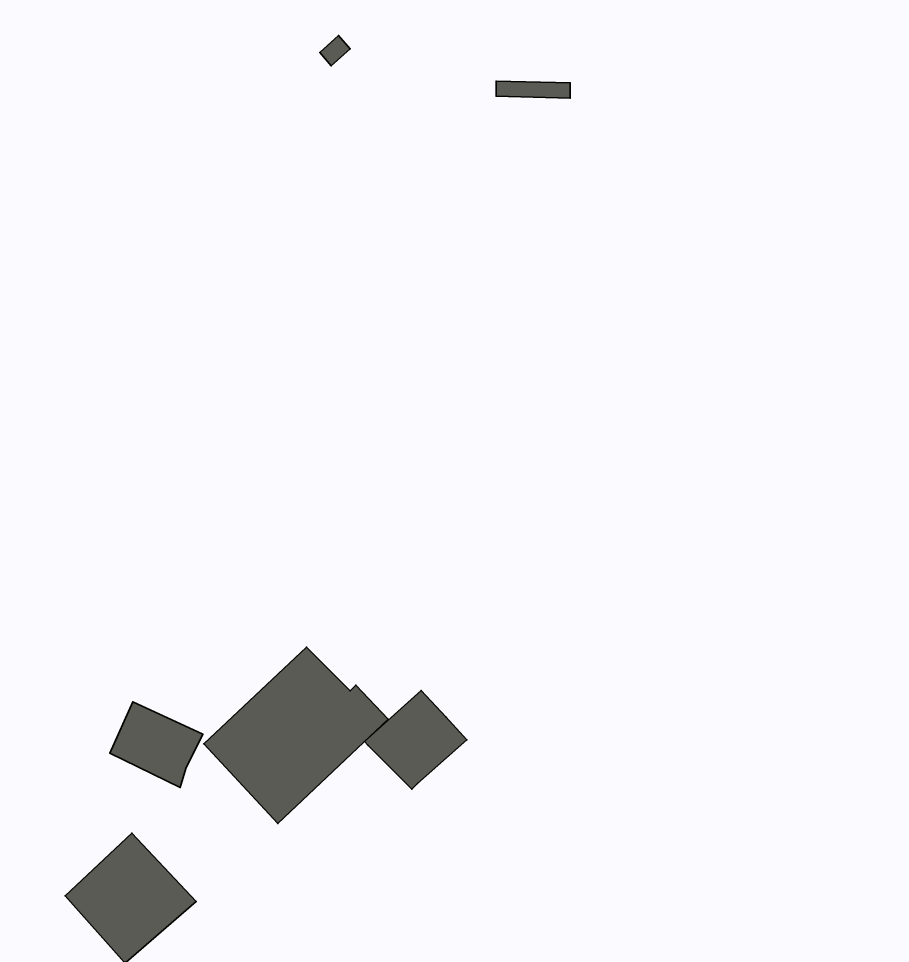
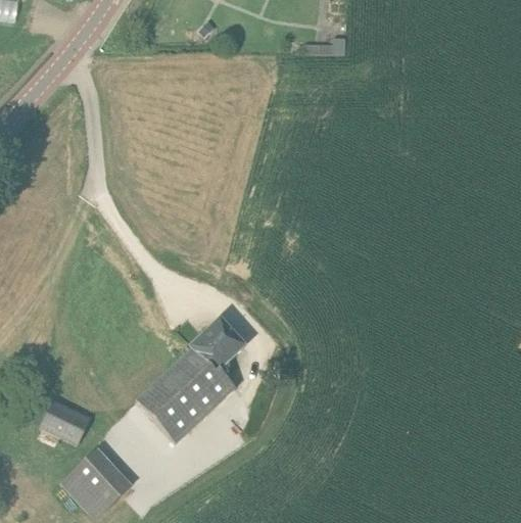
building: [364,690,467,789] -> [189,319,244,372]
building: [110,702,203,787] -> [40,399,90,445]

